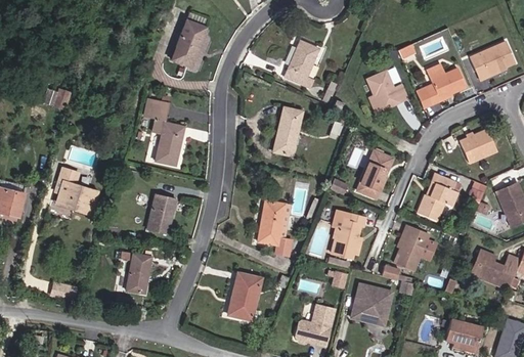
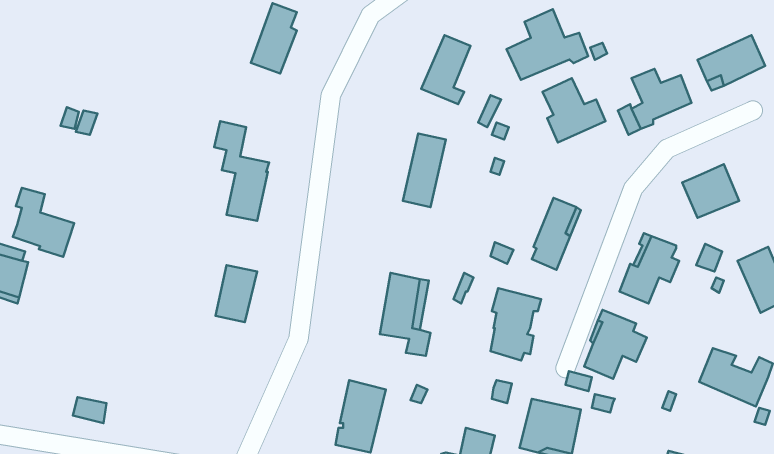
building: none -> [507,9,588,80]
building: [57,168,98,214] -> [13,188,74,257]
building: [122,251,151,293] -> none

